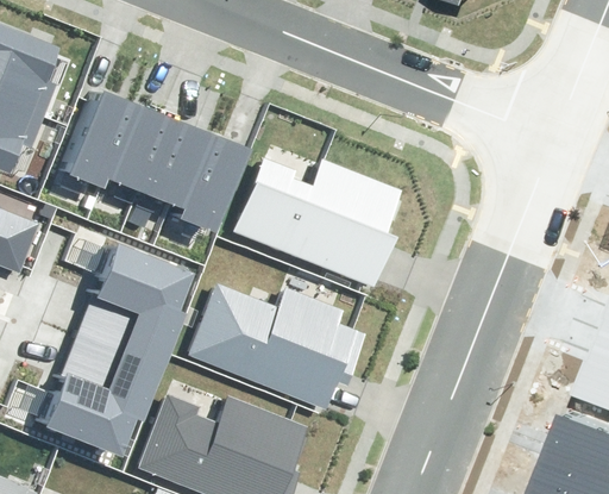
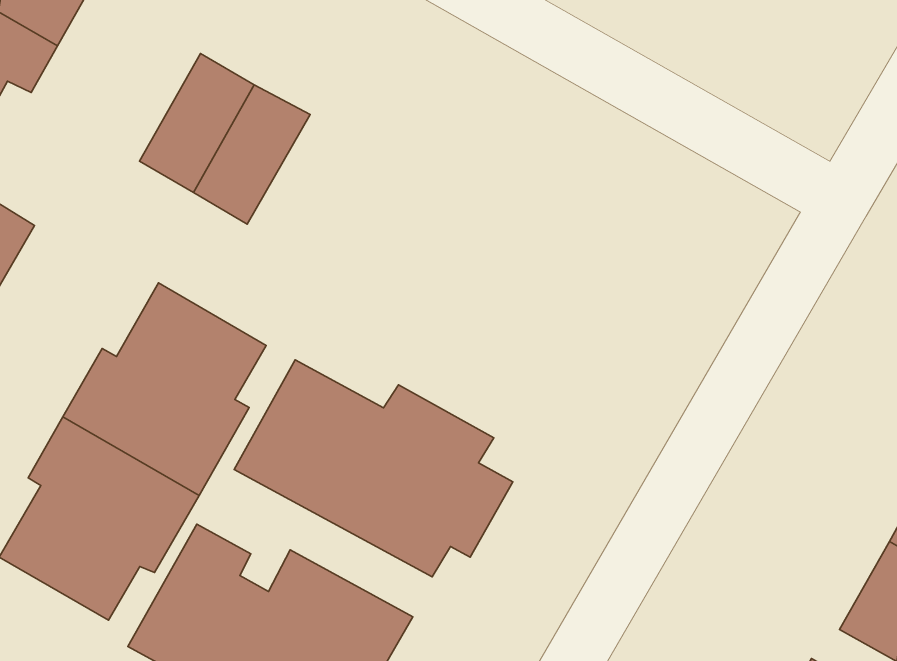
building: [59,89,127,185] -> none
building: [168,131,236,226] -> none
building: [232,156,397,283] -> none

